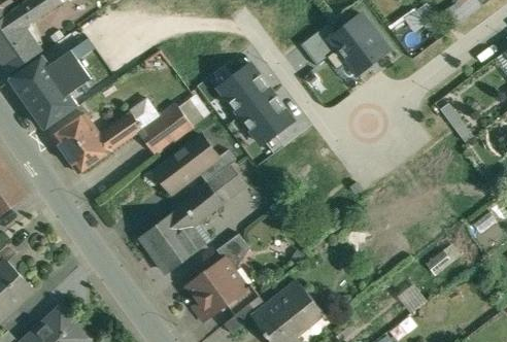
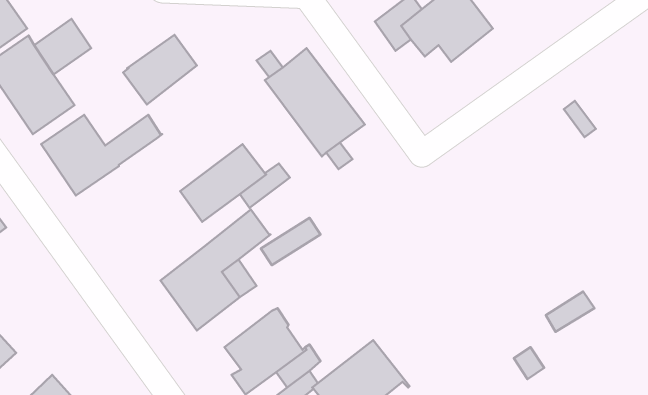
building: [137,103,192,155] -> [123,35,197,104]
building: [206,164,245,202] -> none
building: [215,233,248,269] -> none

